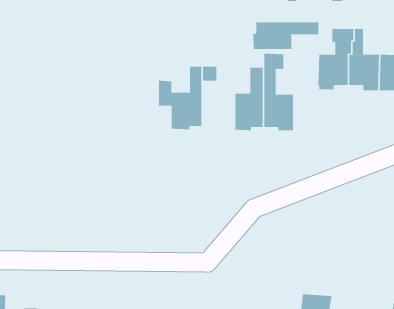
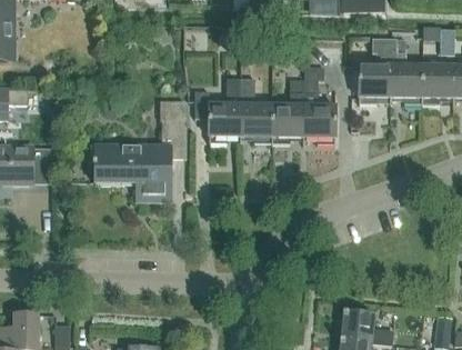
building: [252,21,319,50] -> none
building: none -> [93,102,185,200]
building: none -> [240,104,273,143]

